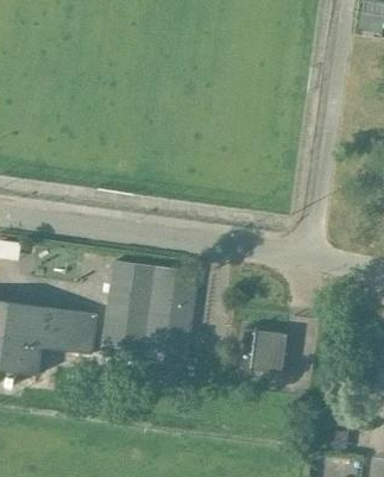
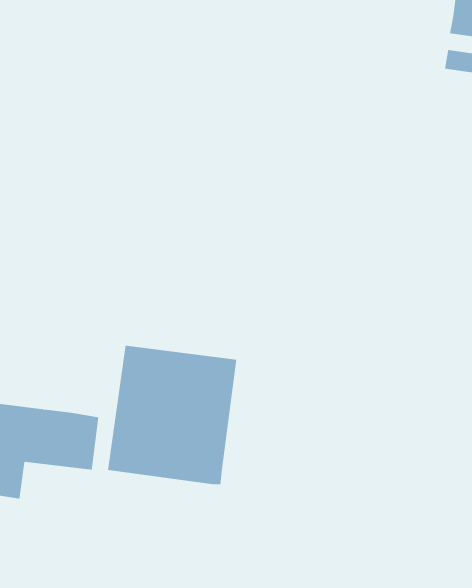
building: [239,327,285,374] -> none

